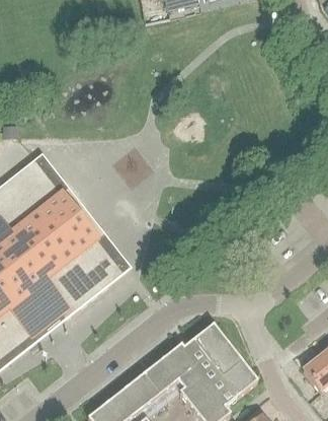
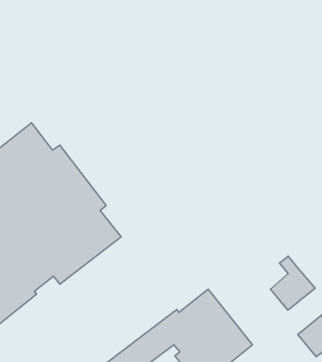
building: none -> [270,256,315,310]

